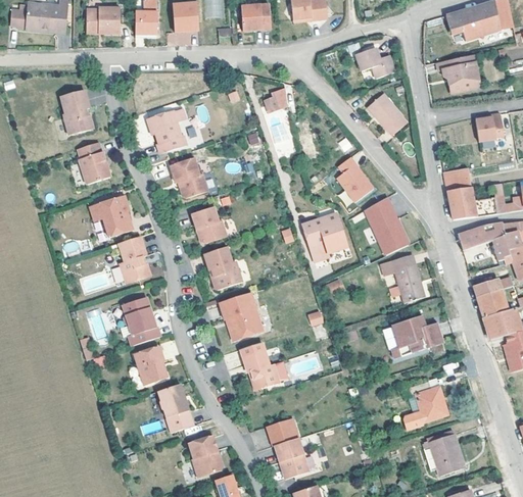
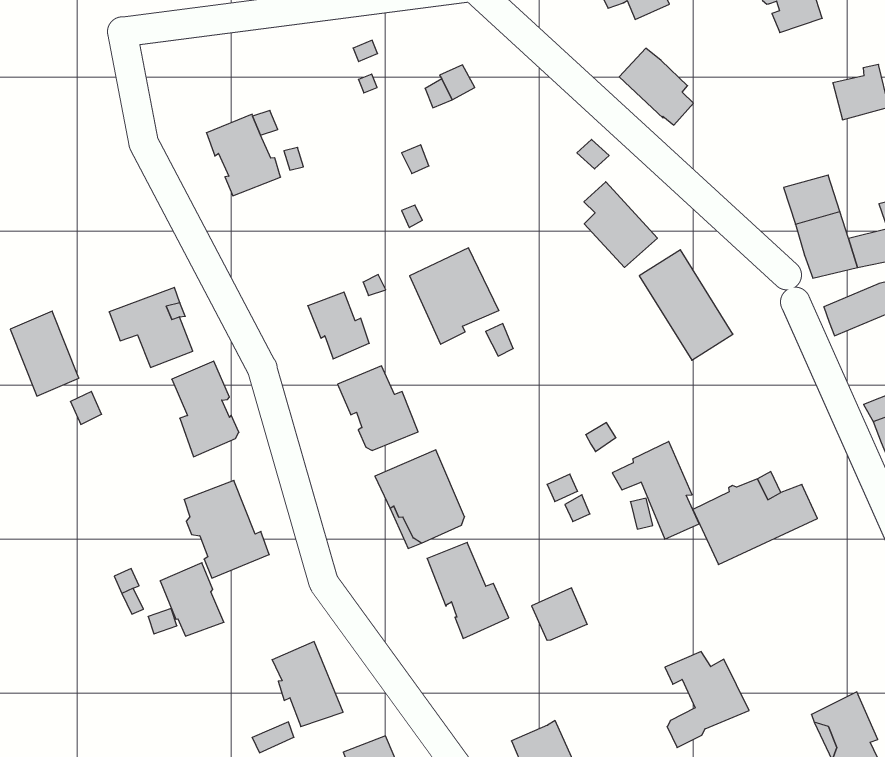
building: [57,85,94,135] -> none
building: [78,139,110,182] -> [10,311,79,396]
building: [173,155,208,195] -> none
building: [303,218,347,266] -> [410,248,499,344]
building: [381,255,423,305] -> [612,441,699,539]
building: [136,345,167,382] -> [160,563,224,636]
building: [407,383,449,431] -> [665,652,749,748]
building: [267,417,294,443] -> [532,588,587,640]

